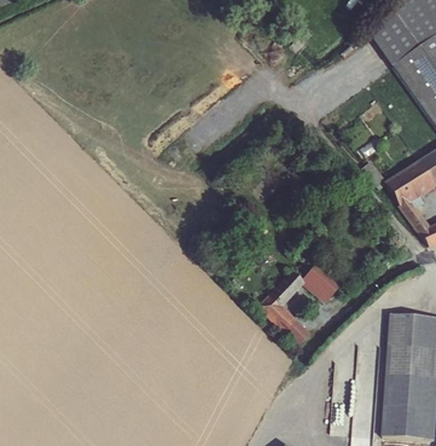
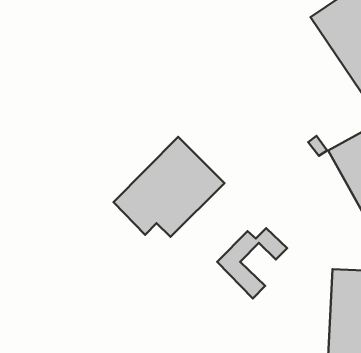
building: none -> [113,137,225,237]

